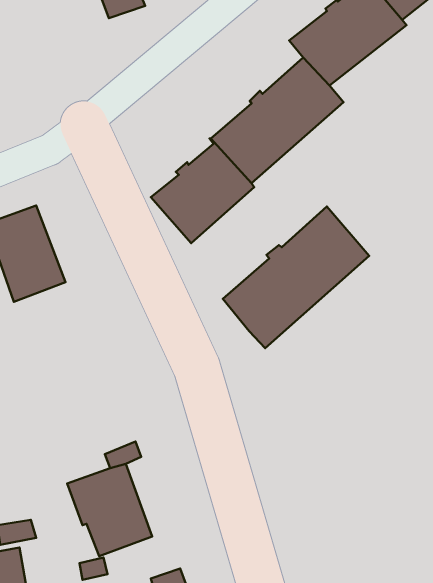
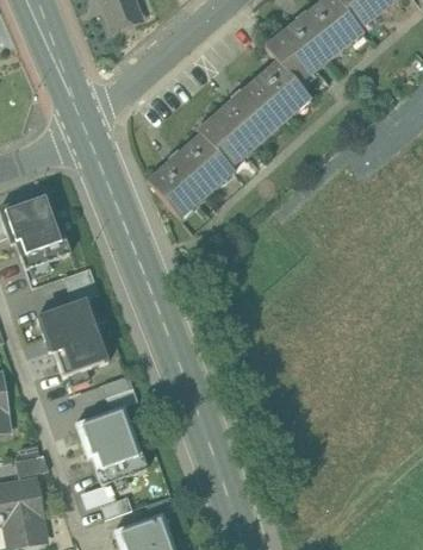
building: [223,207,369,348] -> none
building: none -> [39,292,111,376]

